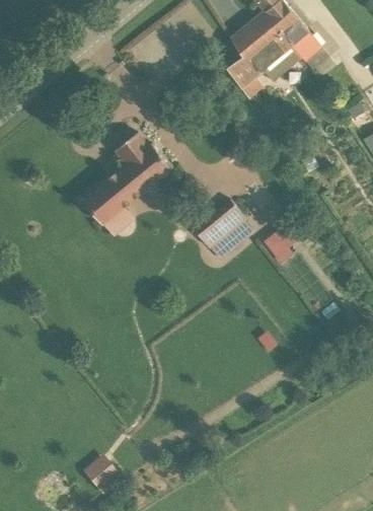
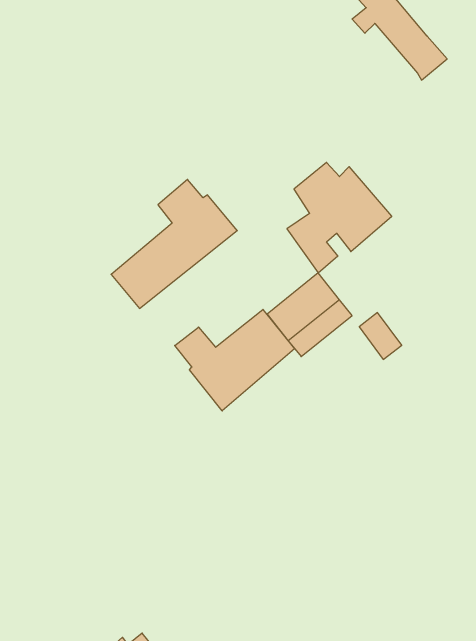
building: [227,18,302,97] -> [287,162,392,273]
building: none -> [175,309,295,411]

